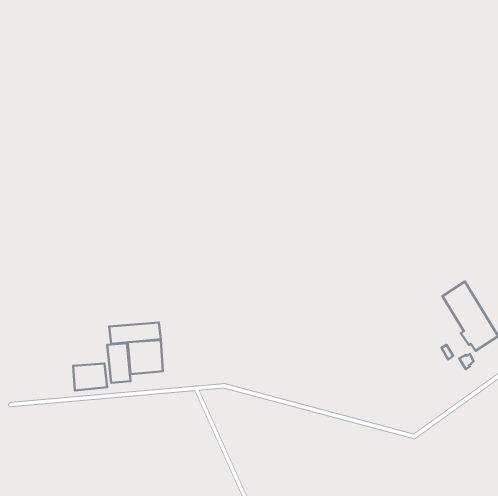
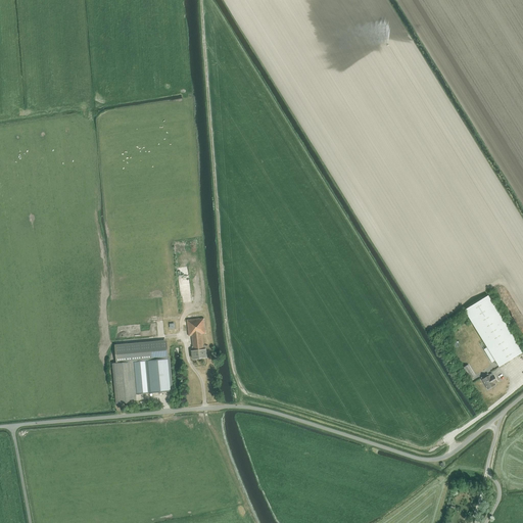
building: none -> [187,317,206,356]
building: [73,363,107,391] -> none

